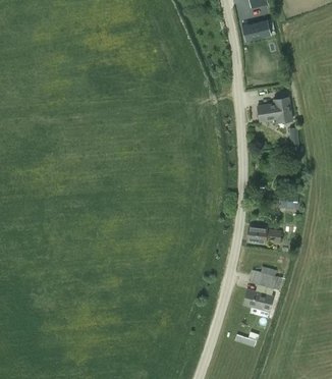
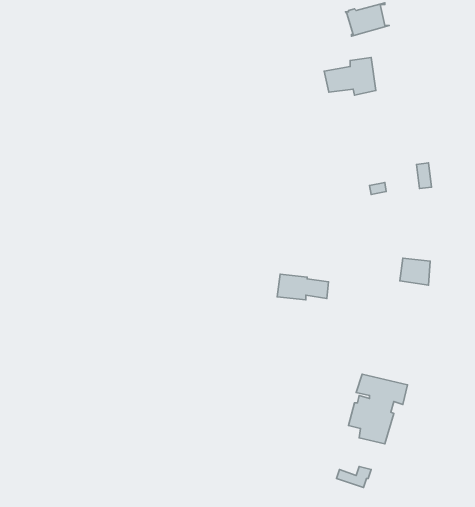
building: [257,97,291,122] -> [324,57,376,95]
building: [246,225,281,242] -> [277,274,328,300]

